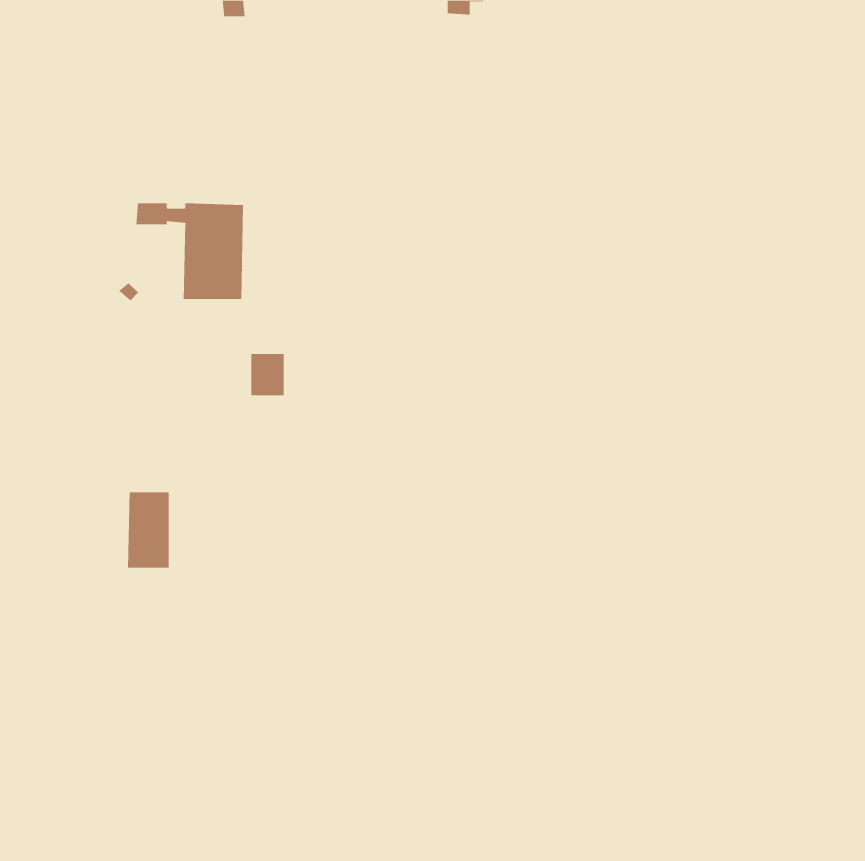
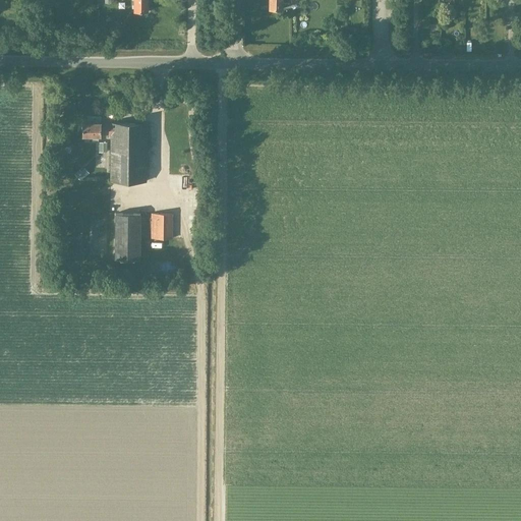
building: [127,492,169,568] -> [114,215,139,260]

